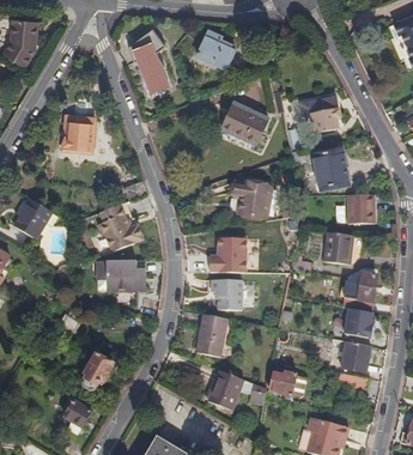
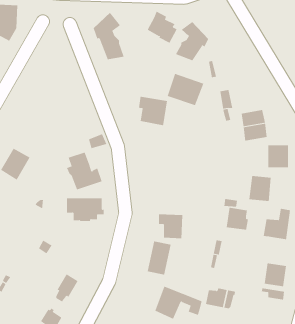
building: none -> [175,21,209,61]
building: [304,96,341,132] -> none
building: [63,117,92,146] -> none
building: [233,181,271,218] -> [138,96,168,126]
building: [211,237,247,273] -> none
building: [345,309,373,338] -> [226,207,249,230]

